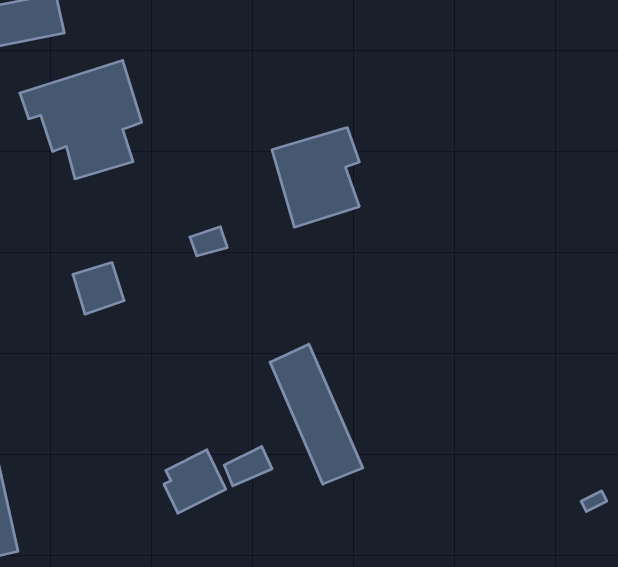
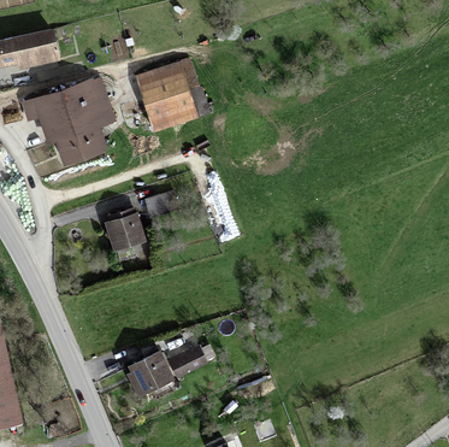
building: [272,128,359,227] -> [136,60,197,130]
building: [73,263,124,314] -> [106,212,142,248]
building: [270,344,363,484] -> none

